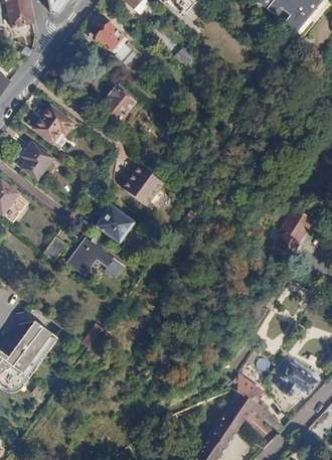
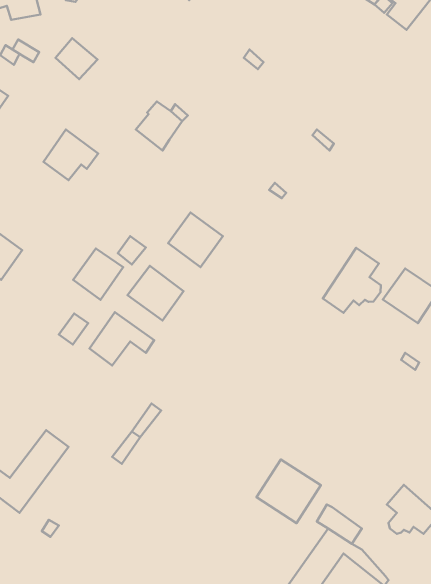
building: [96,23,126,52] -> [55,38,97,79]
building: [21,142,53,178] -> none
building: none -> [323,248,381,313]
building: none -> [73,249,123,300]
building: none -> [257,459,321,523]

